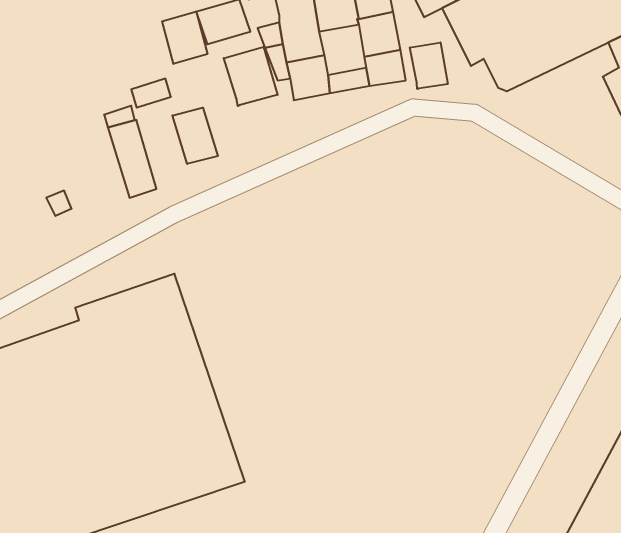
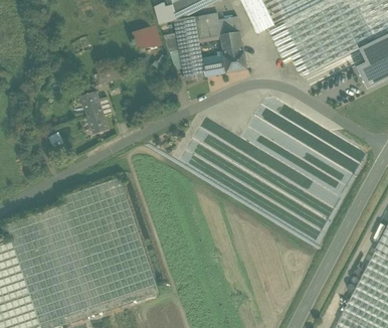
building: [162,11,207,64] -> none
building: [410,42,448,89] -> none
building: [224,47,278,106] -> none
building: [172,108,218,164] -> none

